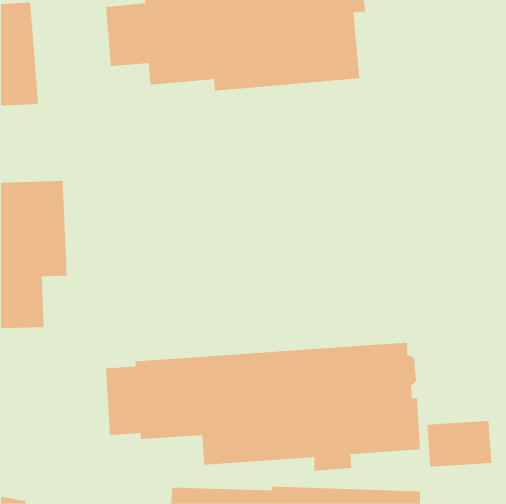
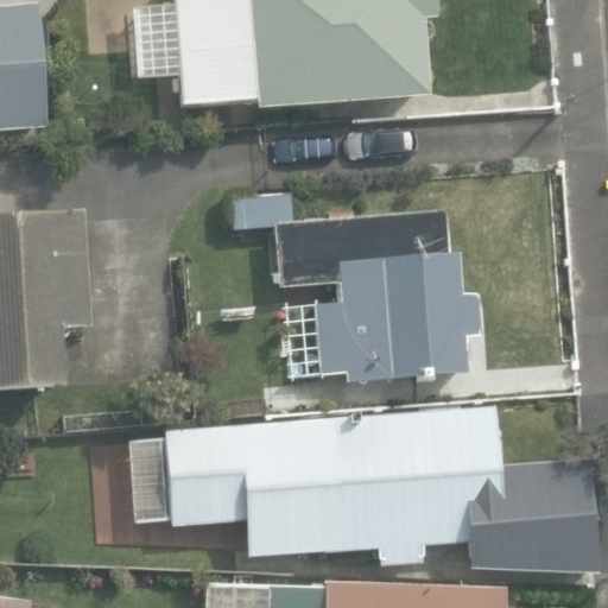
building: none -> [230,192,477,381]

